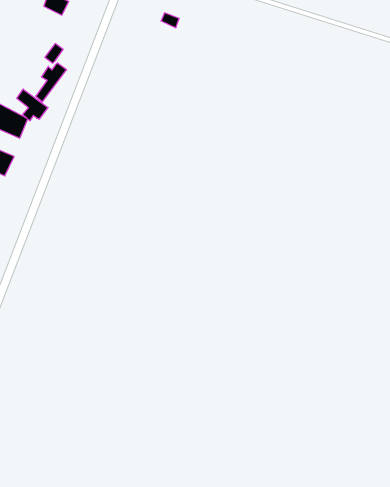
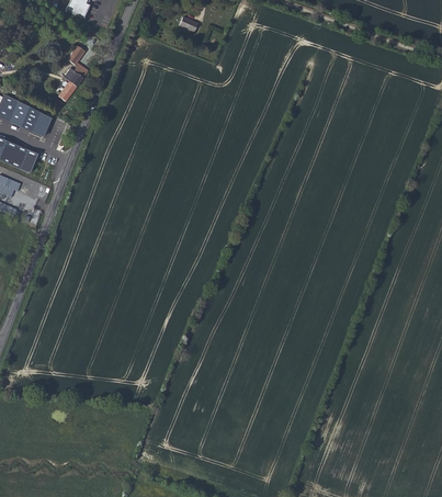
building: [17,89,48,121] -> none

